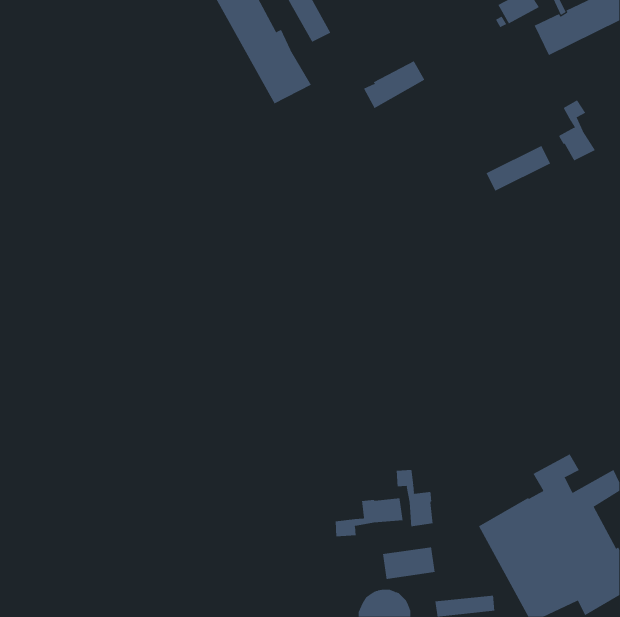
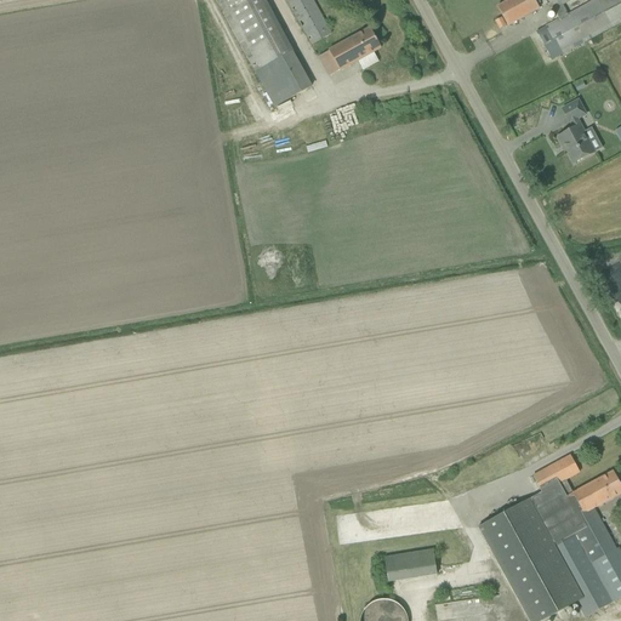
building: [363,61,425,109] -> [319,27,381,75]
building: [486,145,551,191] -> none
building: [396,469,433,527] -> none
building: [335,498,403,537] -> none

